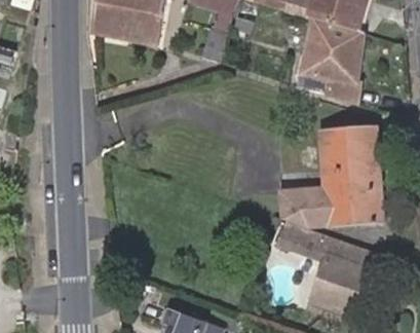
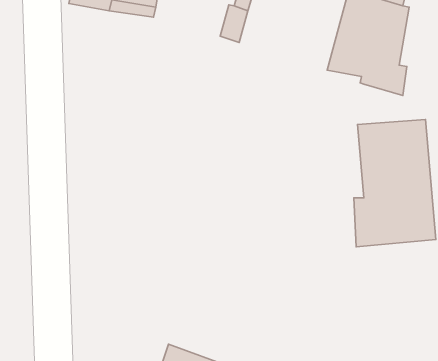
building: [280,188,319,228] -> none
building: [278,225,371,313] -> none

